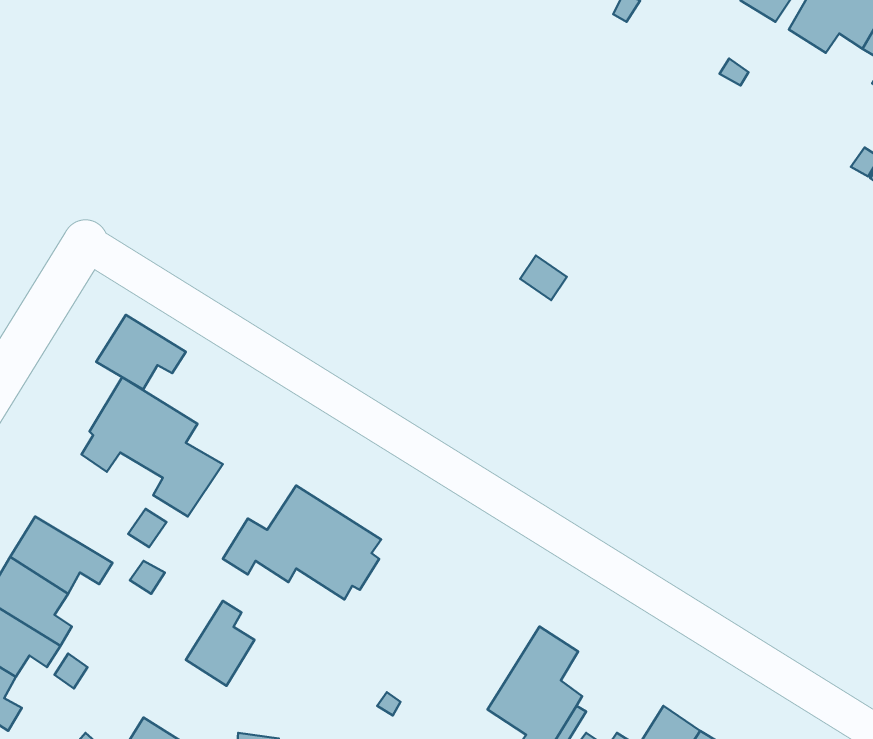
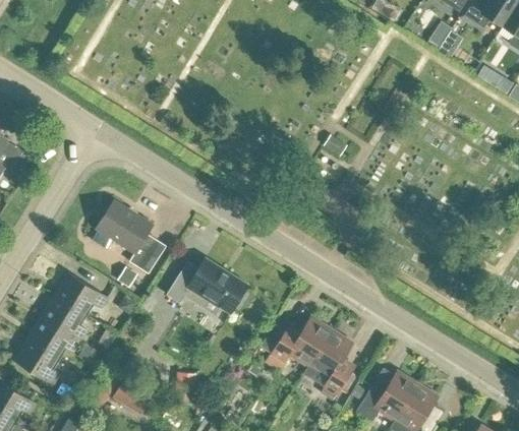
building: [96,315,186,390] -> none
building: [186,601,254,686] -> none
building: none -> [272,318,333,366]

